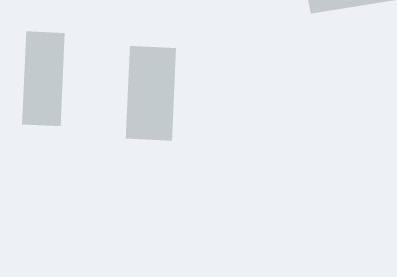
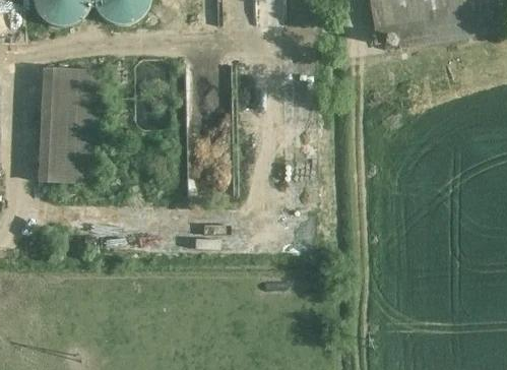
building: [125,45,177,142] -> none

